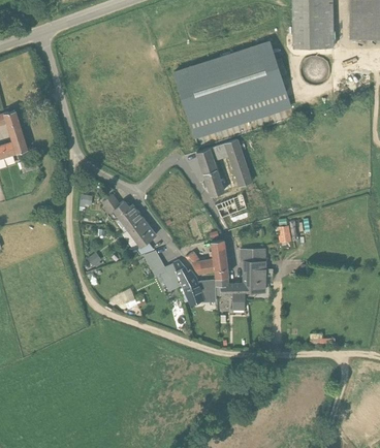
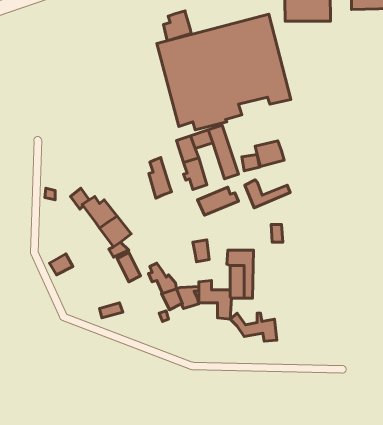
building: none -> [164,11,191,41]
building: none -> [255,141,284,166]
building: none -> [149,157,171,198]
building: none -> [245,180,290,208]
building: [186,252,227,277] -> [230,313,277,341]

